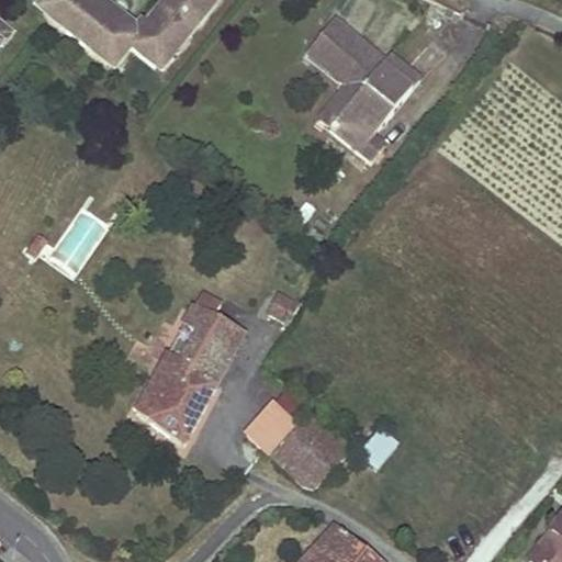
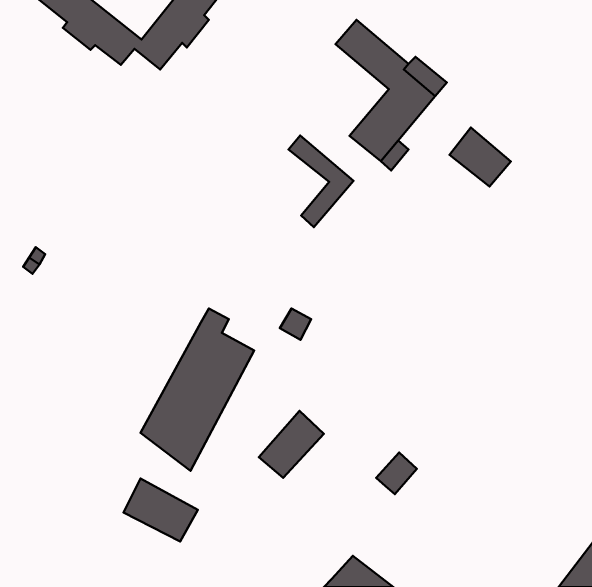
building: [307,42,369,128] -> [288,135,353,227]
building: none -> [450,128,511,186]
building: [269,411,350,487] -> none
building: none -> [124,479,198,542]

